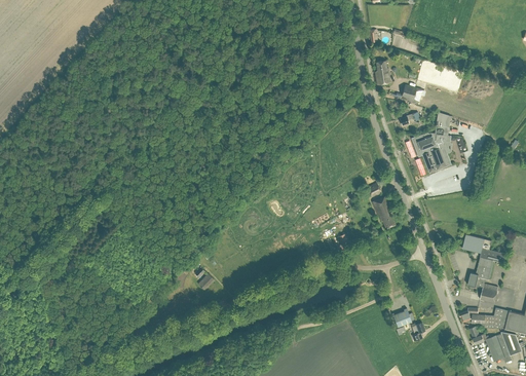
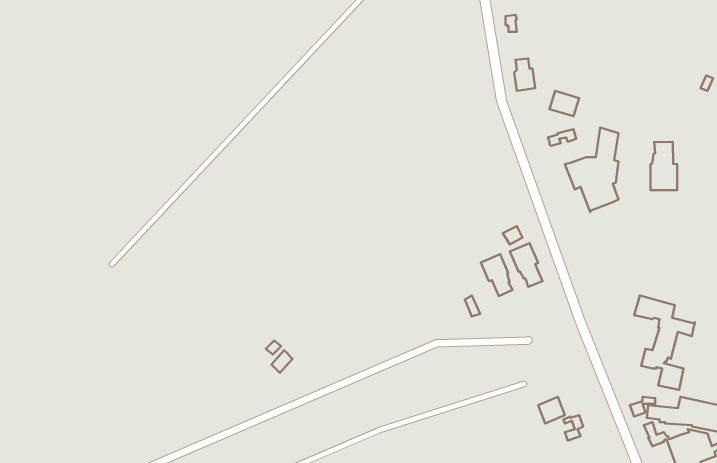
building: none -> [650,142,677,190]
building: none -> [481,254,512,296]

